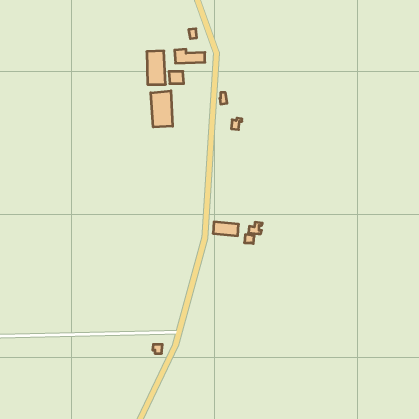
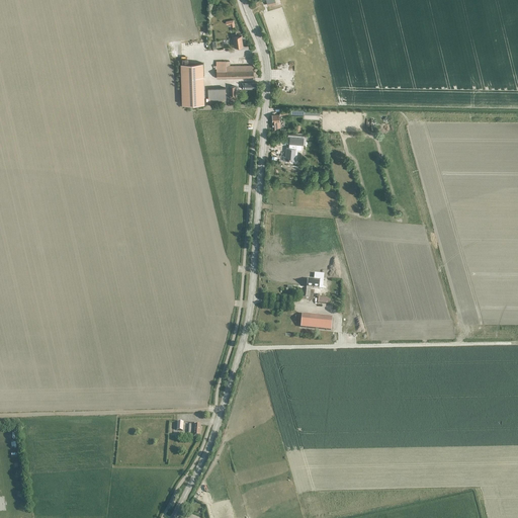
building: [151,91,173,127] -> none
building: [213,222,239,236] -> [300,314,332,331]

